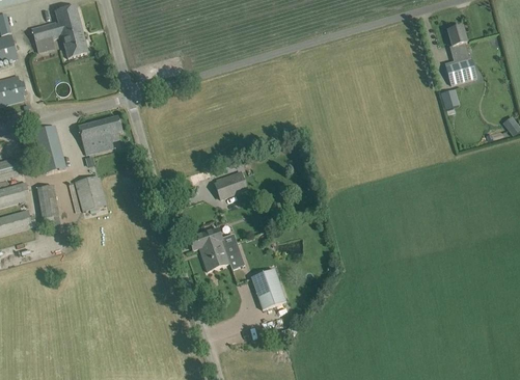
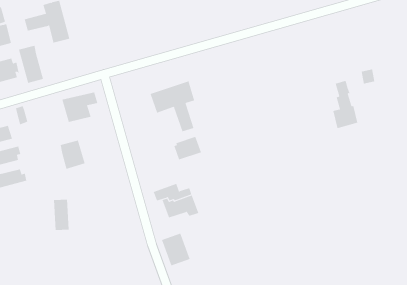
building: [444,25,475,84] -> [332,80,358,129]
building: none -> [150,81,195,132]
building: [33,125,64,171] -> [18,45,44,84]
building: [37,185,57,223] -> [53,199,69,231]
building: [250,269,285,309] -> [161,233,190,266]

